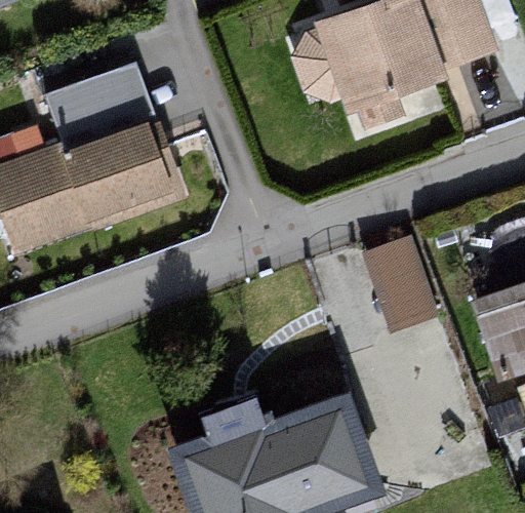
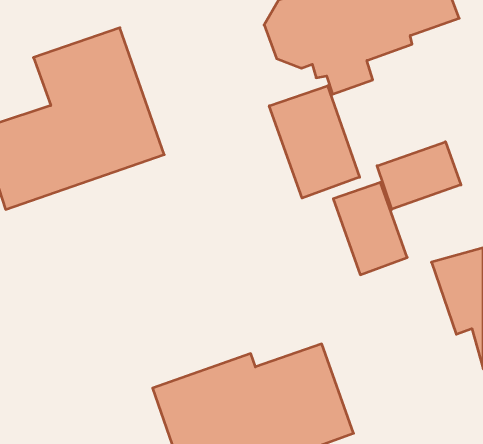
building: none -> [269,86,360,198]
building: none -> [377,142,461,209]

